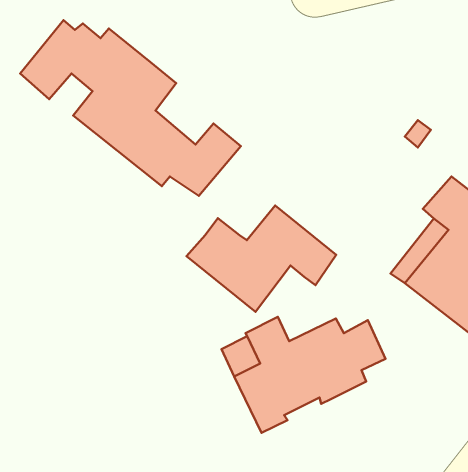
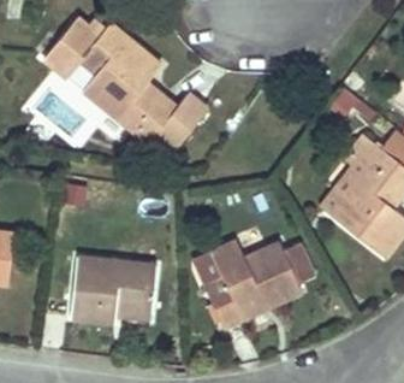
building: [186,206,336,312] -> none
building: none -> [71,257,156,322]

